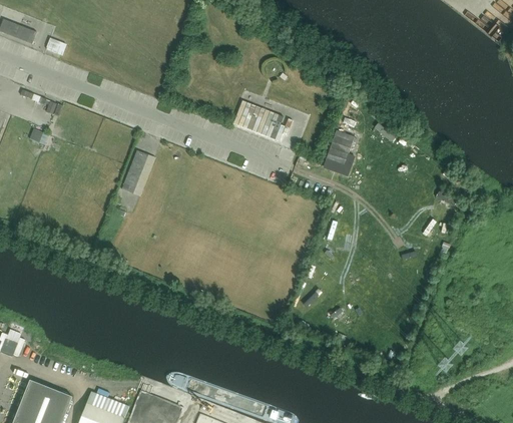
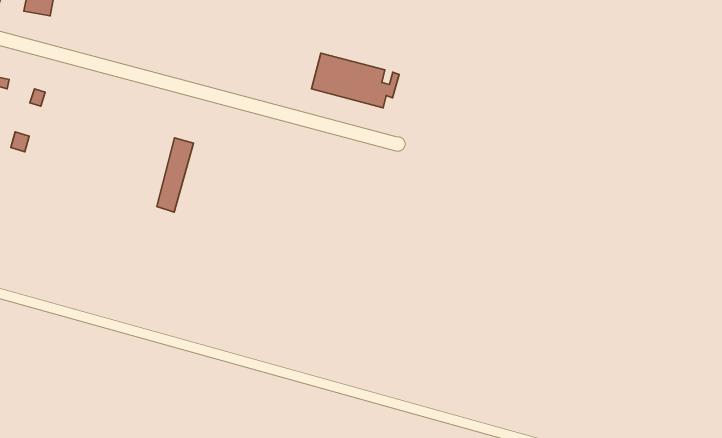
building: [326,130,354,165] -> none

